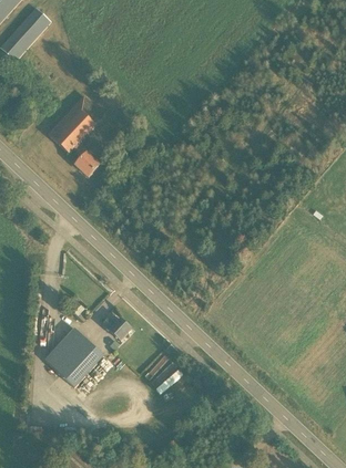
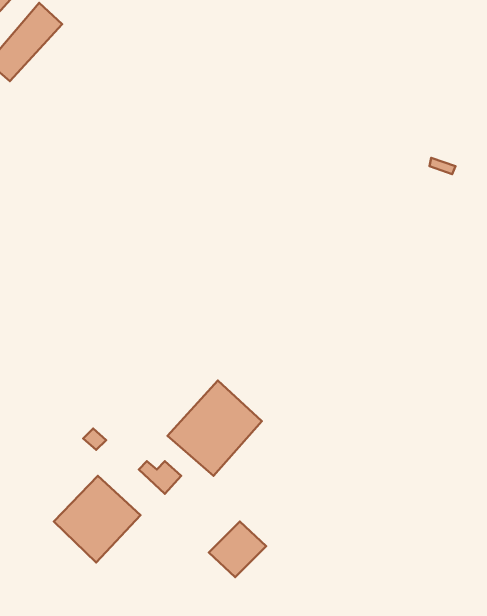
building: [48,94,104,176] -> none
building: none -> [168,381,262,476]

